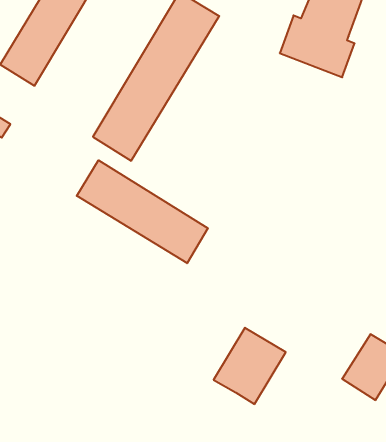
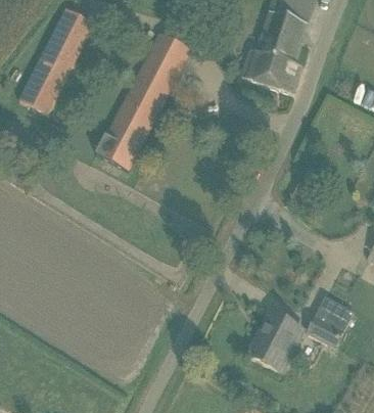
building: [77,160,208,263] -> none
building: [214,328,286,404] -> [246,311,302,371]

